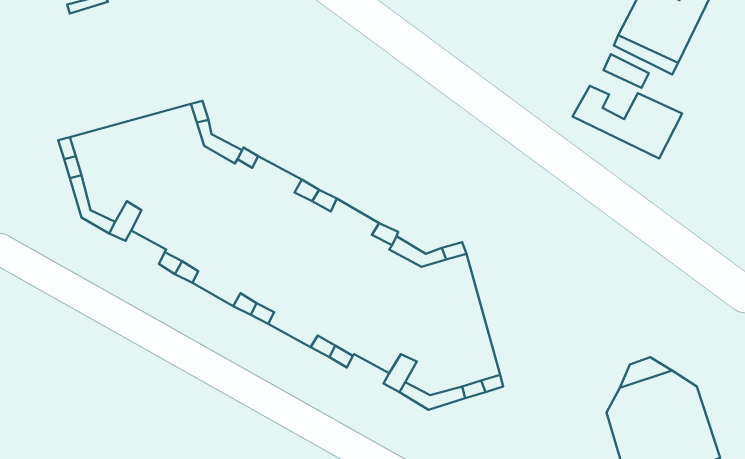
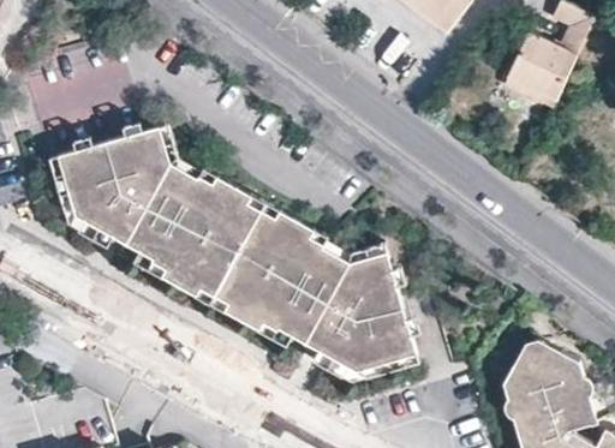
building: [572,86,682,159] -> none

